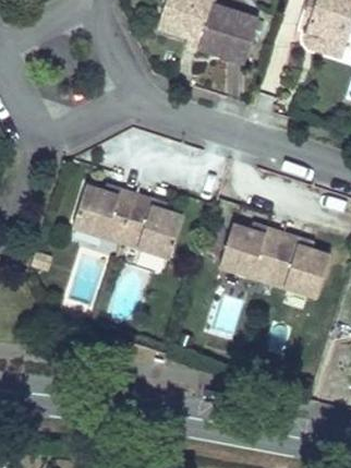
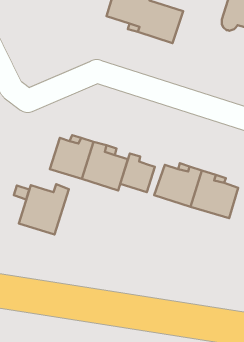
building: none -> [120,154,155,192]
building: none -> [19,184,69,235]

